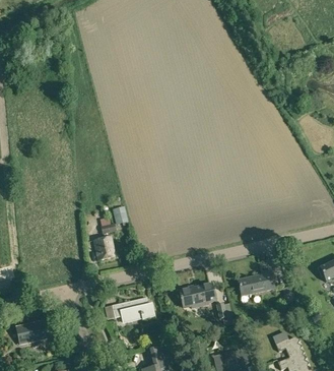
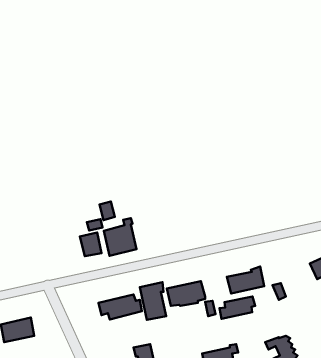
building: none -> [104,218,137,256]
building: none -> [140,282,166,320]
building: none -> [219,297,255,319]

